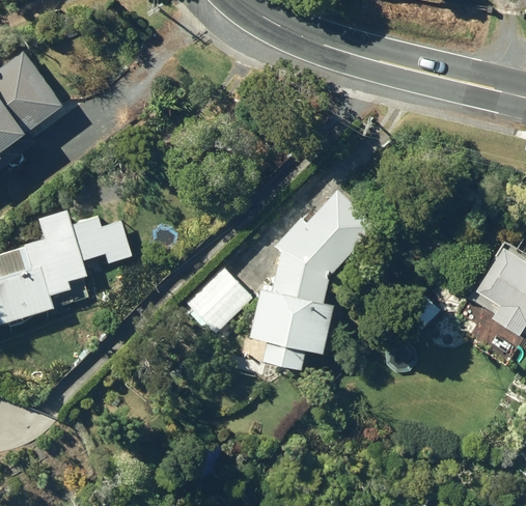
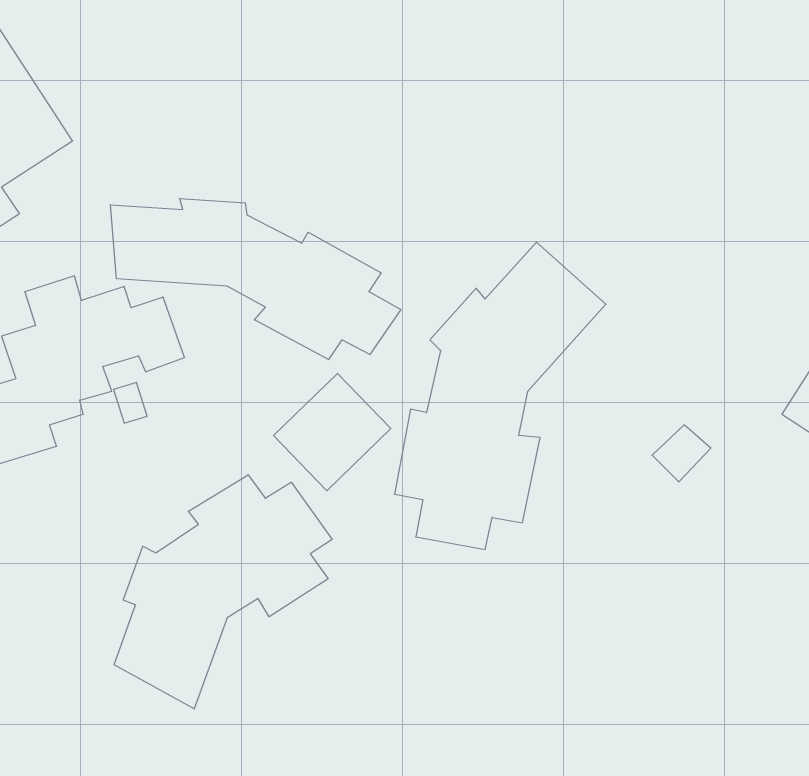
building: none -> [110,198,401,360]
building: none -> [114,475,332,709]

